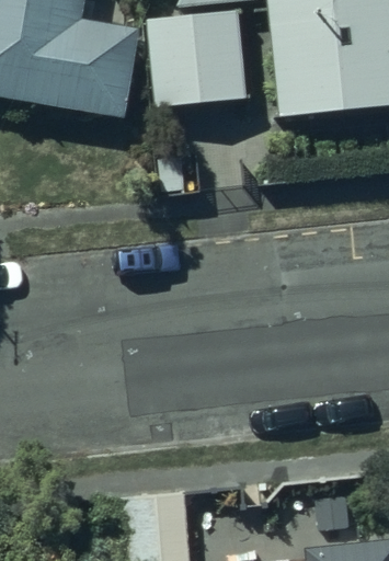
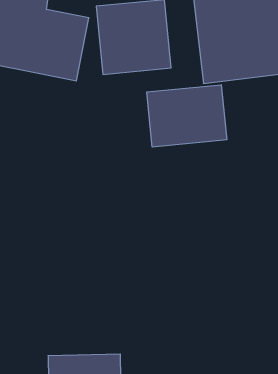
building: none -> [147,85,227,147]

